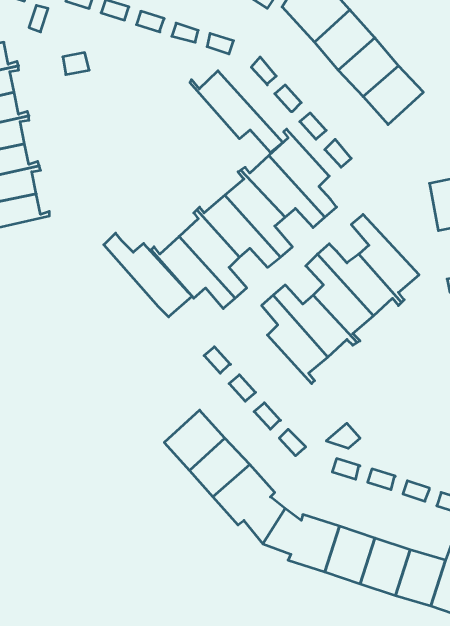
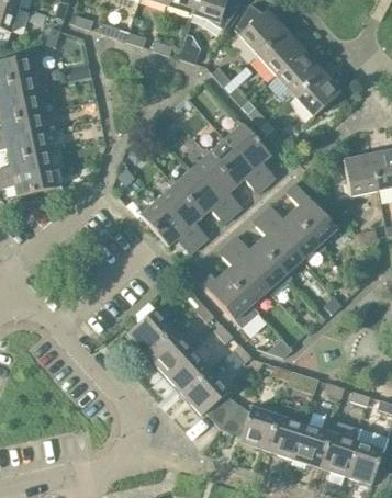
building: [190,71,283,153] -> none
building: [104,233,192,317] -> [194,265,260,328]
building: none -> [127,308,173,353]

